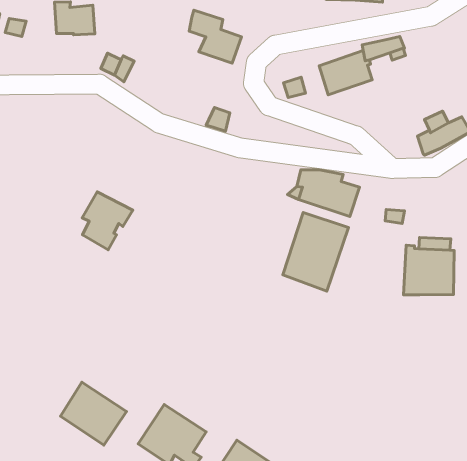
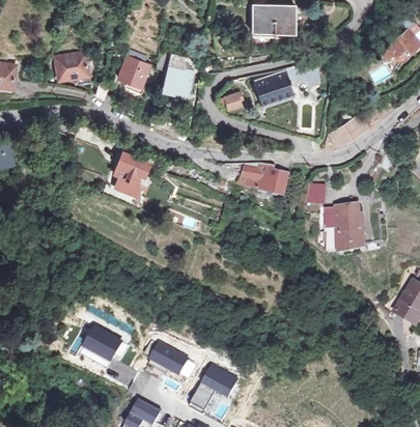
building: none -> [117,56,148,88]
building: [82,192,133,250] -> [111,150,147,192]
building: [283,212,349,291] -> none

